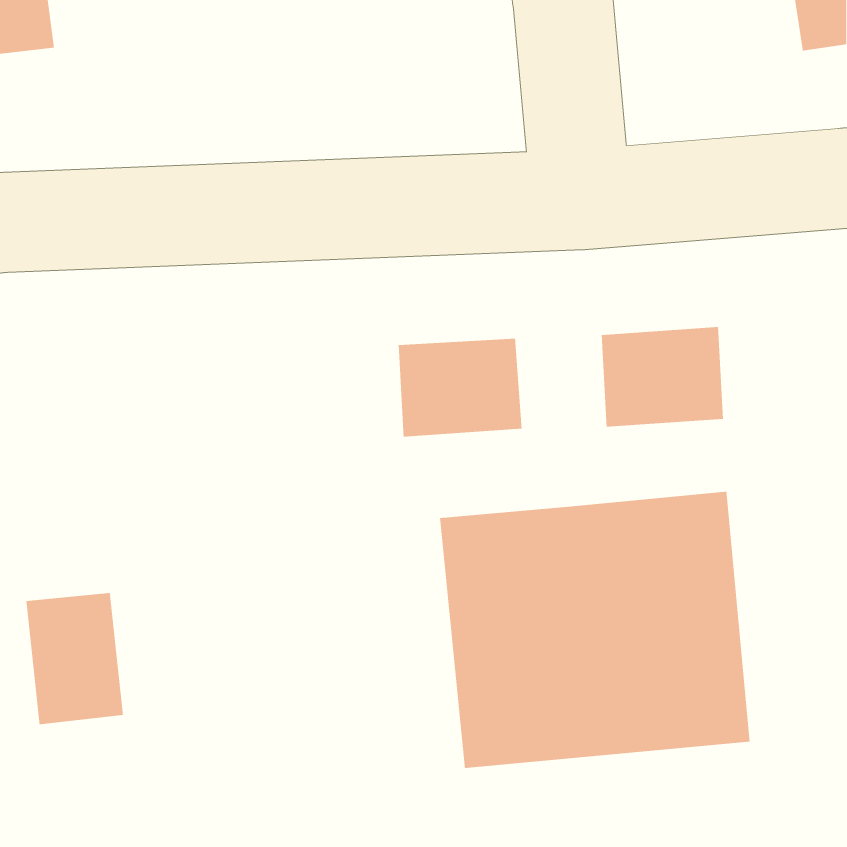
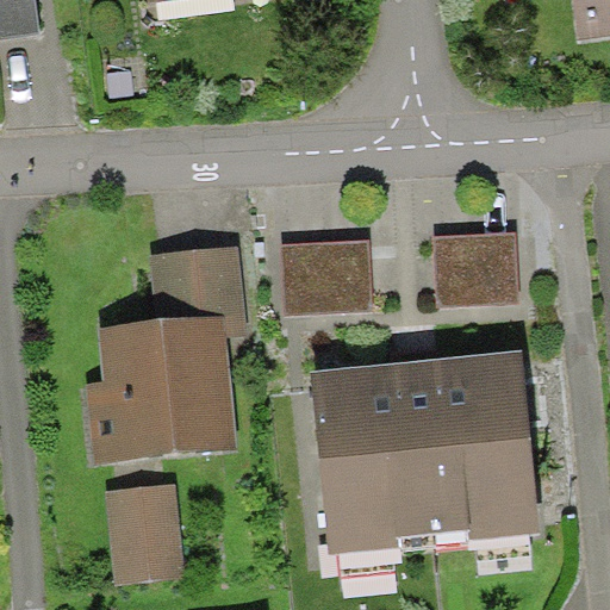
building: none -> [87,247,243,459]
building: [25,592,124,725] -> [108,486,179,581]

